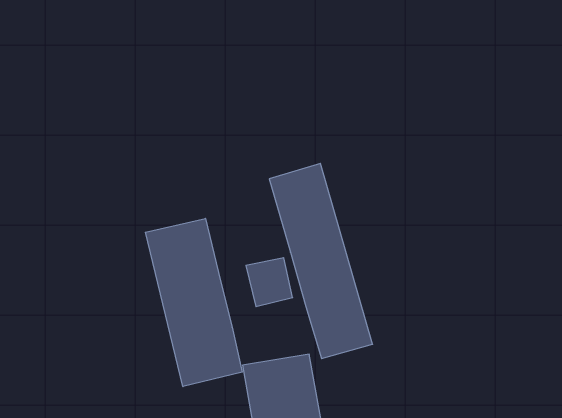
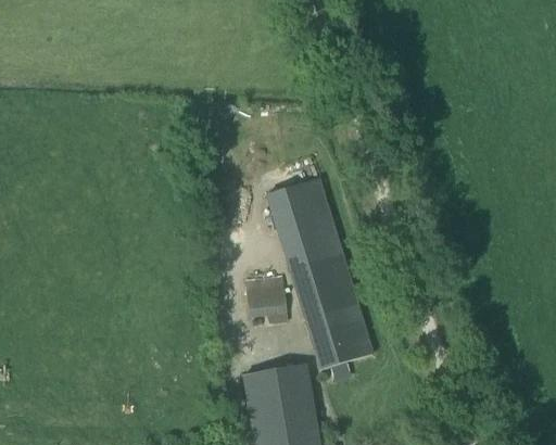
building: [145,218,242,387] -> none

